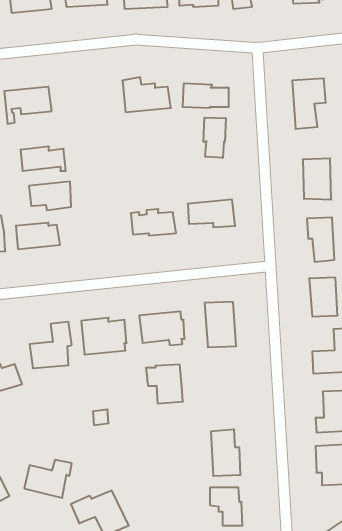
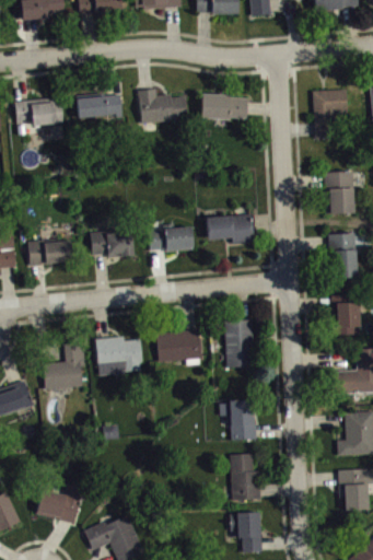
building: [204,118,226,158] -> none
building: [20,147,66,171] -> [75,93,123,118]
building: [29,182,71,210] -> [90,229,133,258]
building: [146,365,183,404] -> [219,400,257,441]

